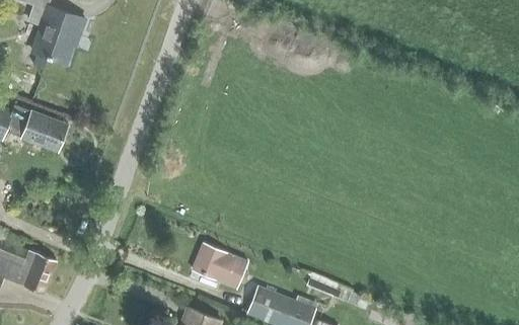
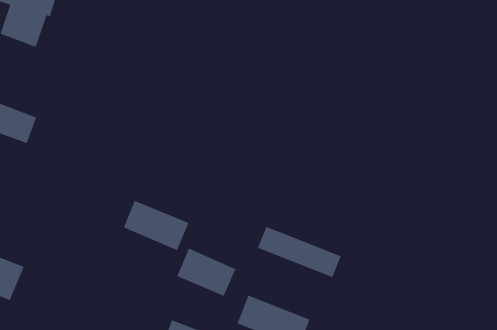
building: none -> [123,200,190,251]
building: none -> [257,226,342,278]

